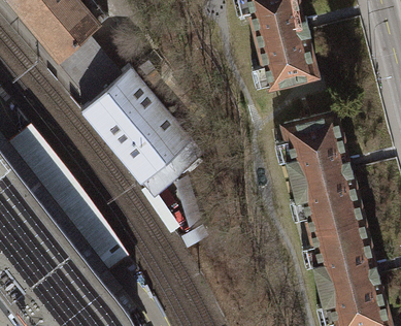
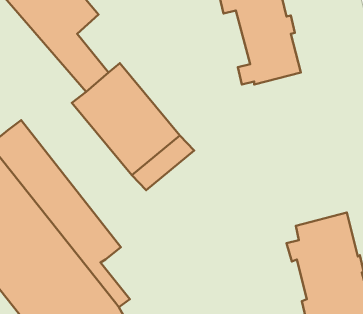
building: [271,116,359,234] -> none

